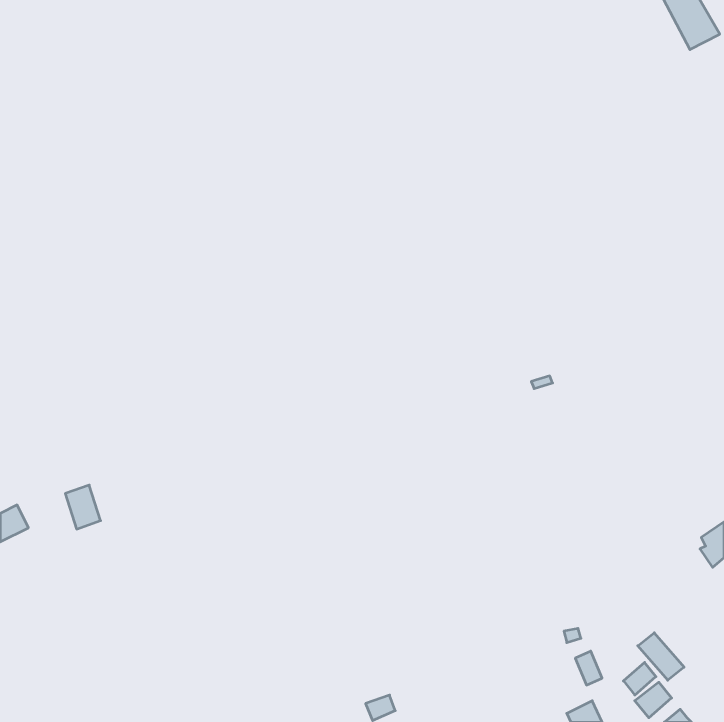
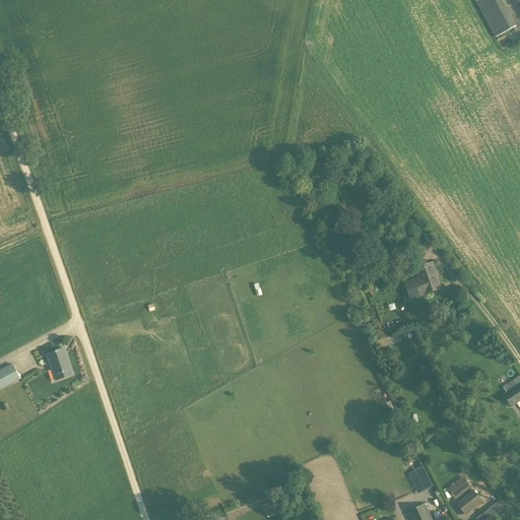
building: none -> [405,262,440,297]
building: [638,633,684,680] -> none

